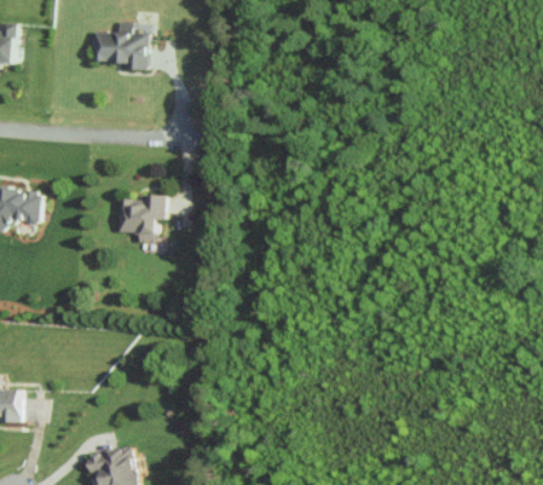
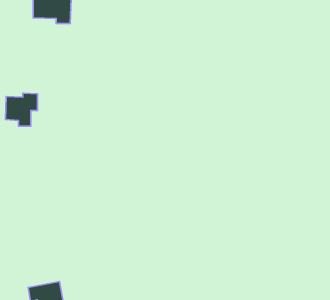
building: [120,194,167,242] -> [5,93,38,126]

